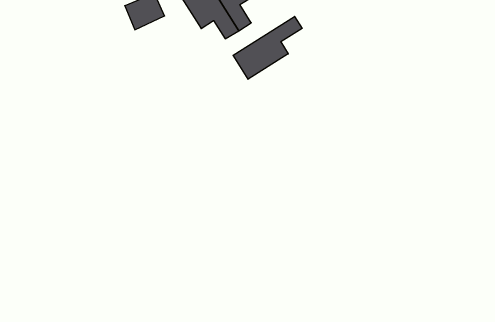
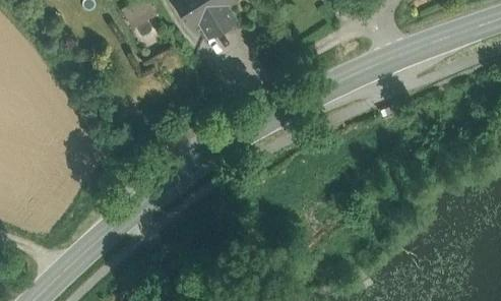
building: [233,16,302,79] -> none

